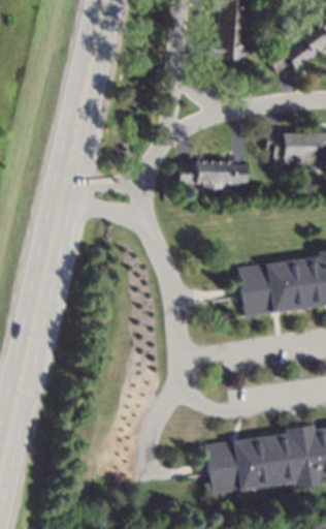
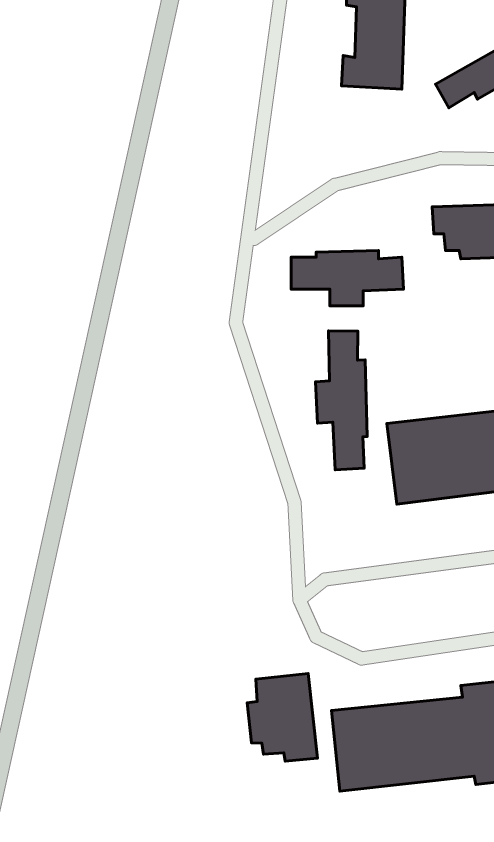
building: none -> [316,331,367,470]
building: none -> [247,673,318,761]

